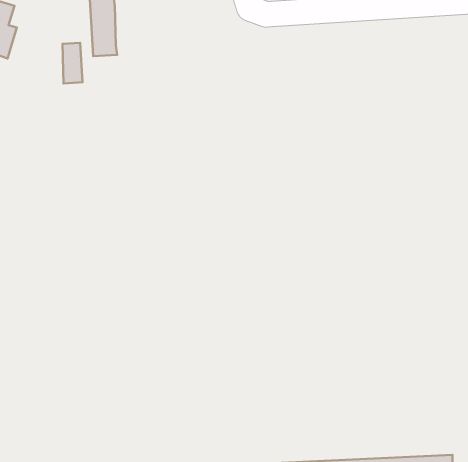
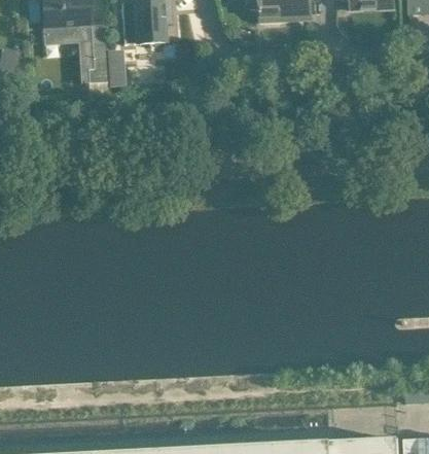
building: [62,43,83,83] -> [107,50,124,85]

